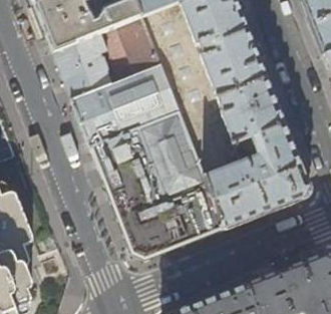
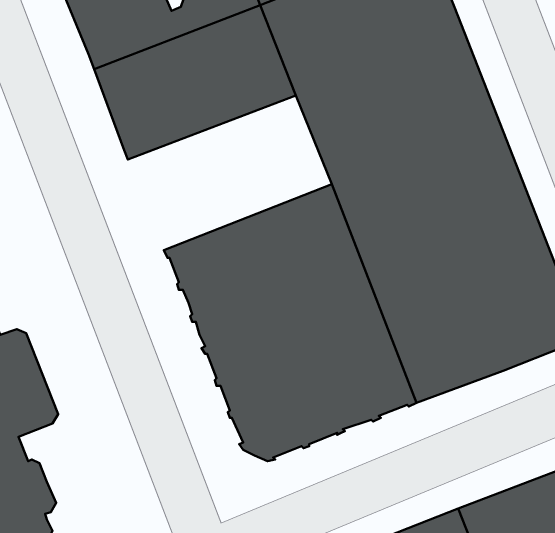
building: [72,65,181,147] -> none

